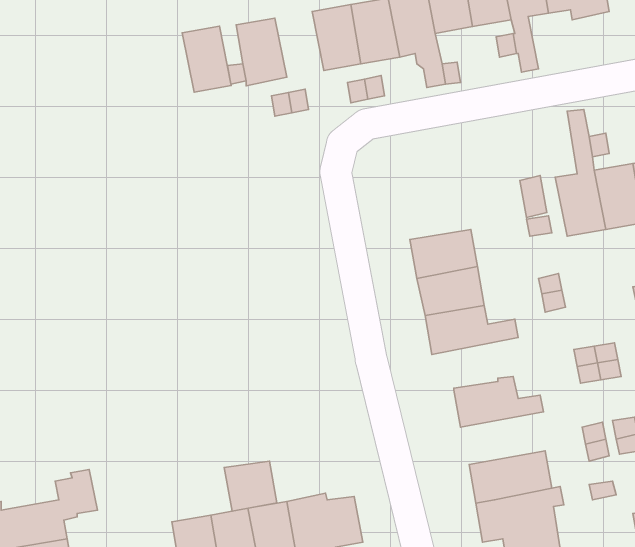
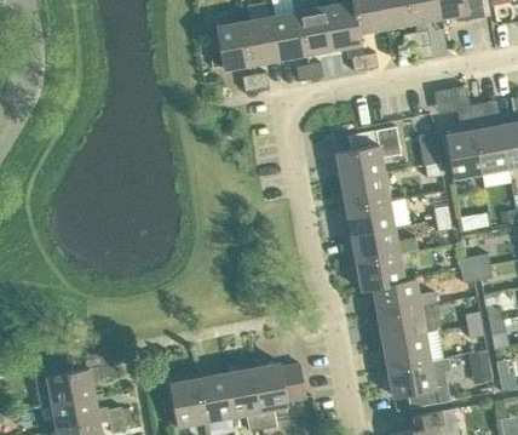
building: [182,26,231,92] -> [243,17,278,64]
building: none -> [335,127,399,181]
building: none -> [356,254,403,291]
building: none -> [376,304,441,342]
building: [224,461,277,511] -> none

